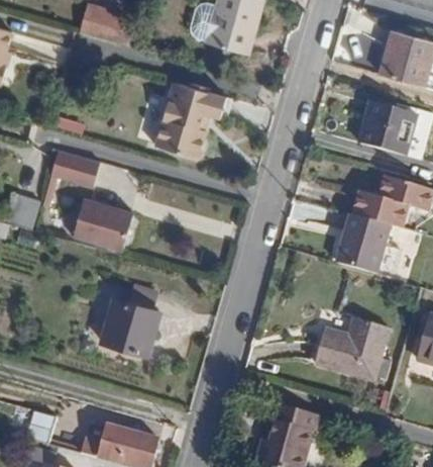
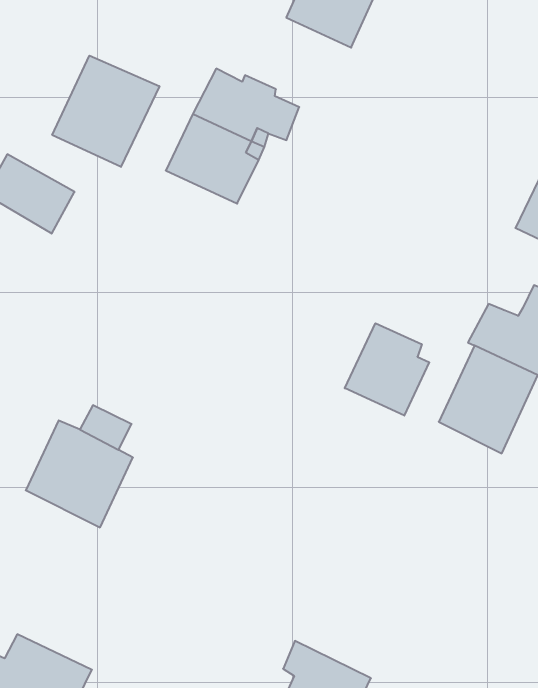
building: none -> [52,56,159,167]
building: [79,198,139,252] -> none
building: none -> [345,323,429,416]
building: [320,318,387,378] -> none

